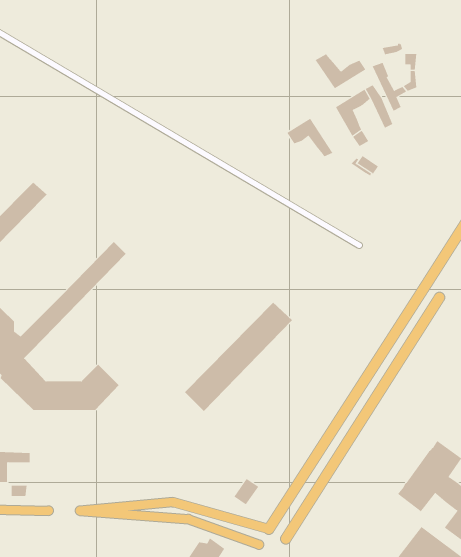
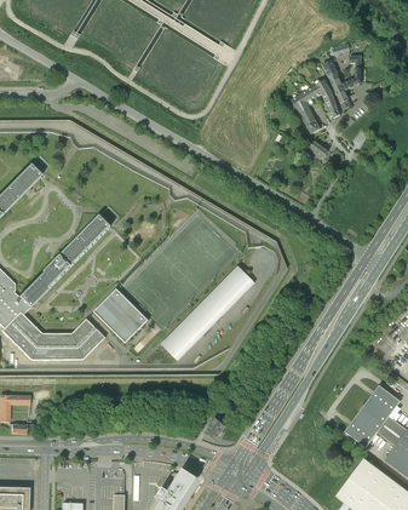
building: [315,54,366,89] -> none
building: [286,118,333,157] -> none
building: none -> [96,290,149,343]

